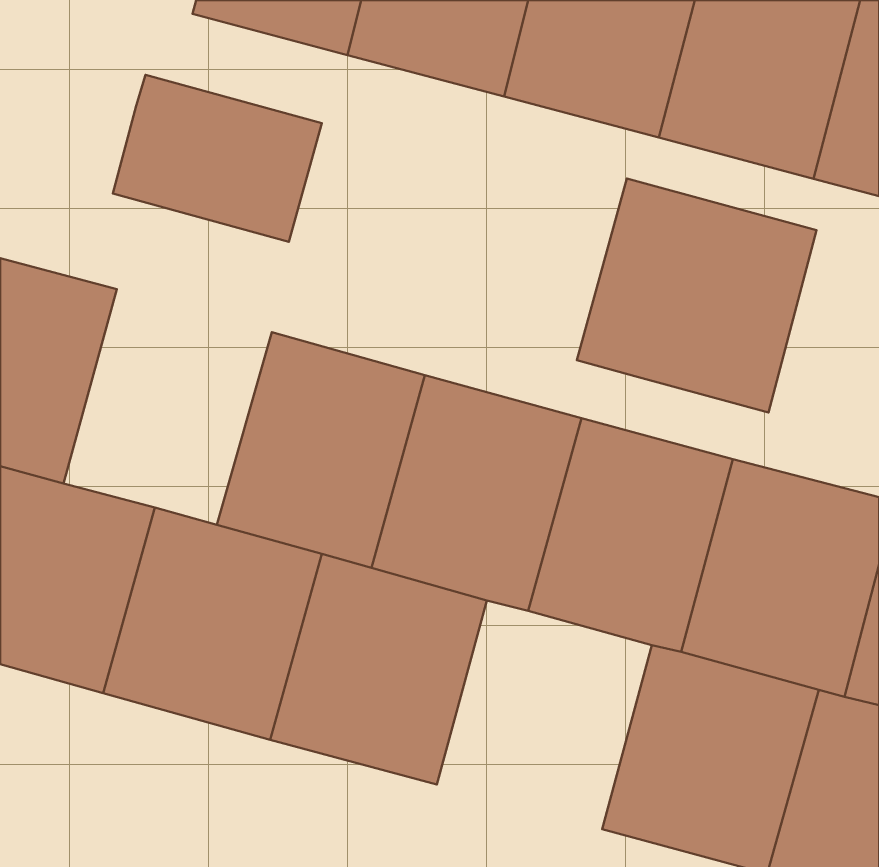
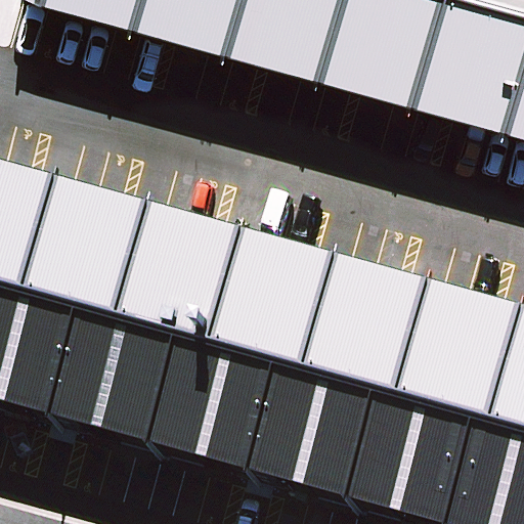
building: [113,75,322,242] -> none
building: [577,179,816,413] -> none
building: none -> [38,179,162,319]
building: none -> [260,364,388,500]

